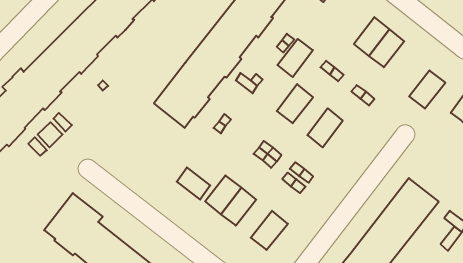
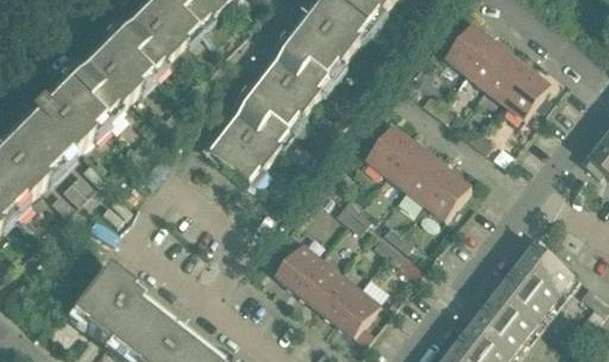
building: none -> [444,23,490,73]
building: [277,39,313,77] -> [385,141,431,189]
building: [409,70,445,109] -> [502,69,548,118]
building: none -> [423,170,470,219]
building: [177,167,210,200] -> none
building: none -> [313,272,359,320]

